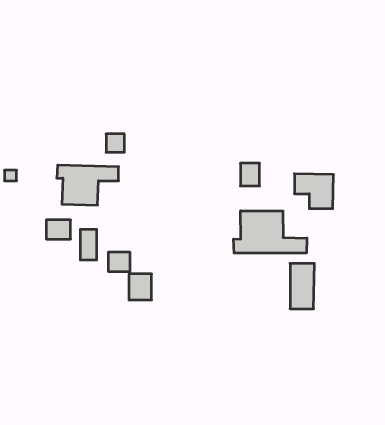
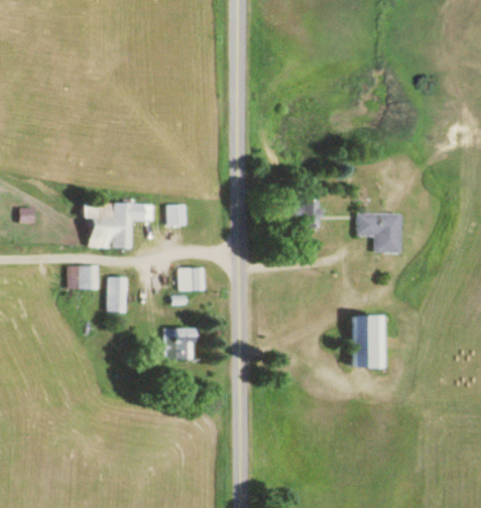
building: [106,134,124,152] -> [167,205,189,226]
building: [234,211,307,253] -> none
building: [108,252,130,271] -> [181,268,206,290]

